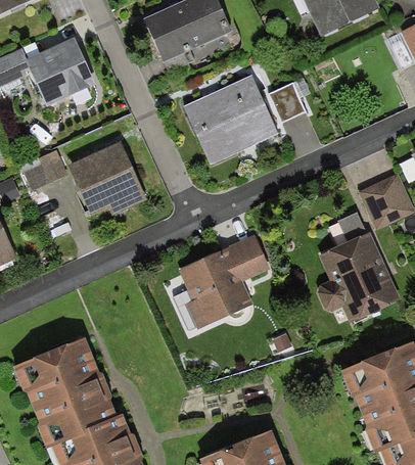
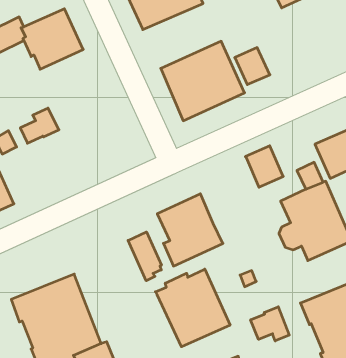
building: [67,141,146,216] -> none
building: [227,233,270,280] -> [245,146,283,187]
building: none -> [128,232,161,281]
building: none -> [155,269,230,347]
building: none -> [251,307,289,341]

